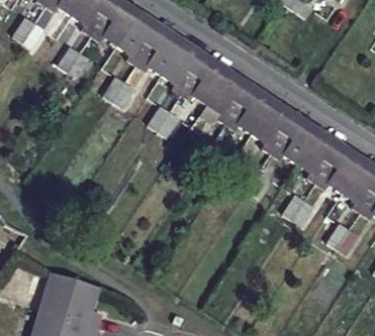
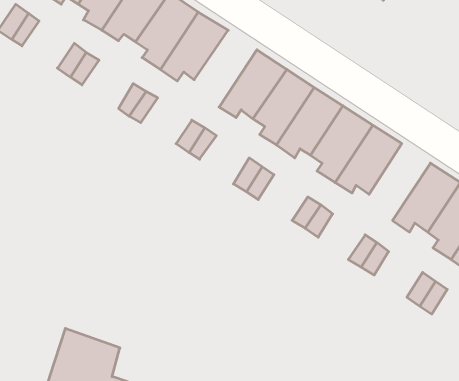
building: [159,40,207,100] -> none
building: [294,128,342,188] -> none

